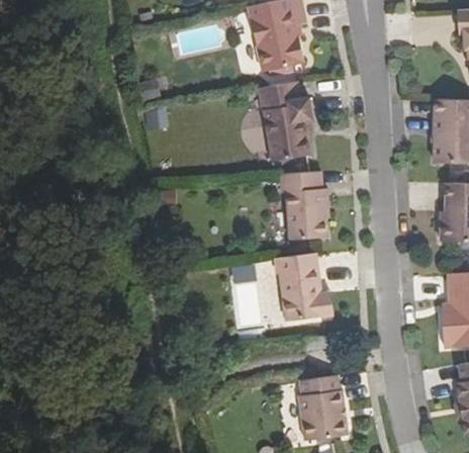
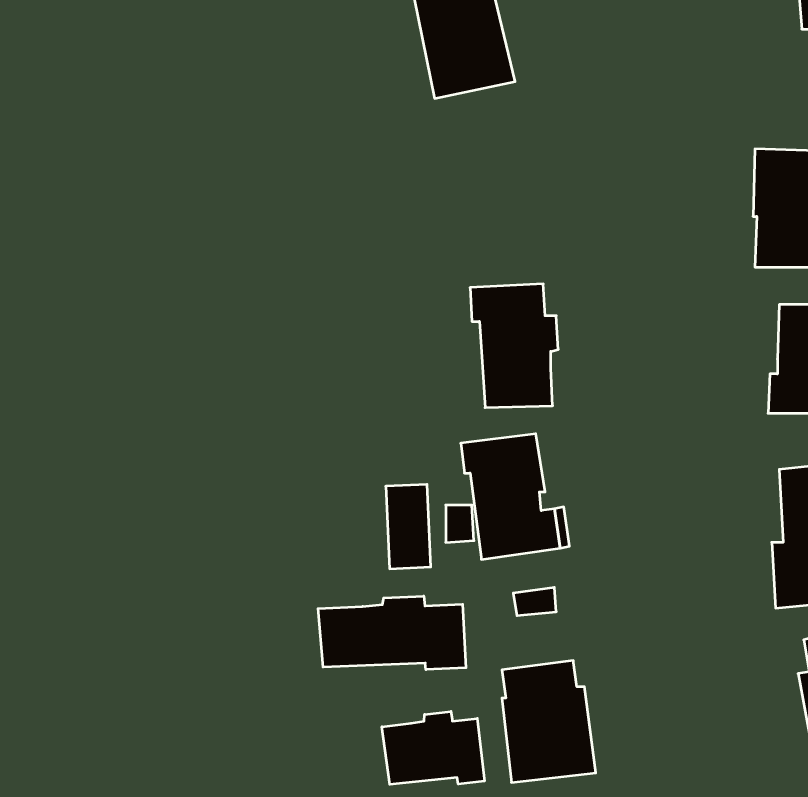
building: [258,83,312,163] -> none
building: none -> [318,596,466,670]
building: none -> [382,711,484,784]

